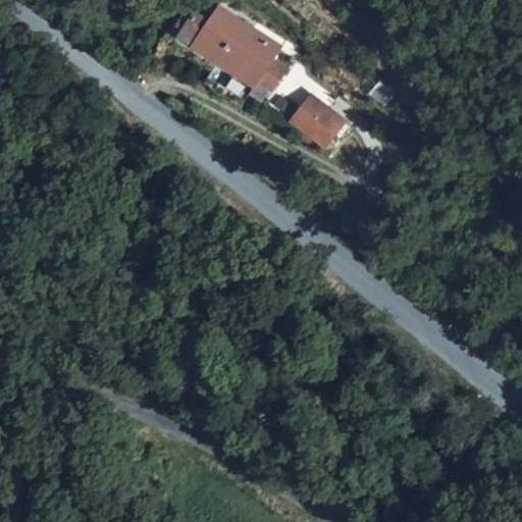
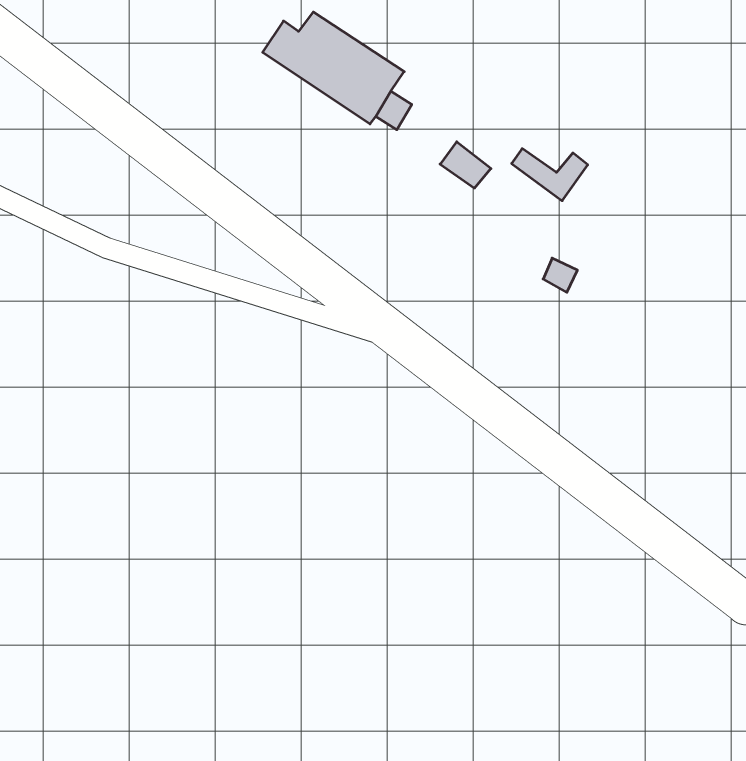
building: [294,112,346,148] -> [512,149,588,201]

